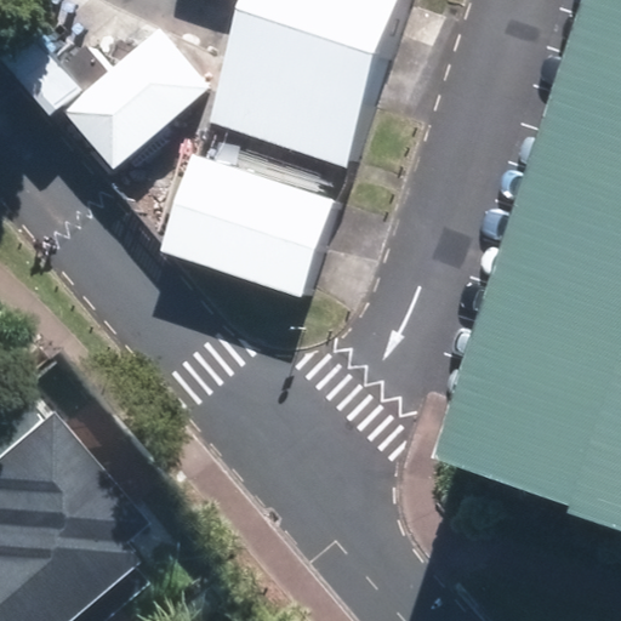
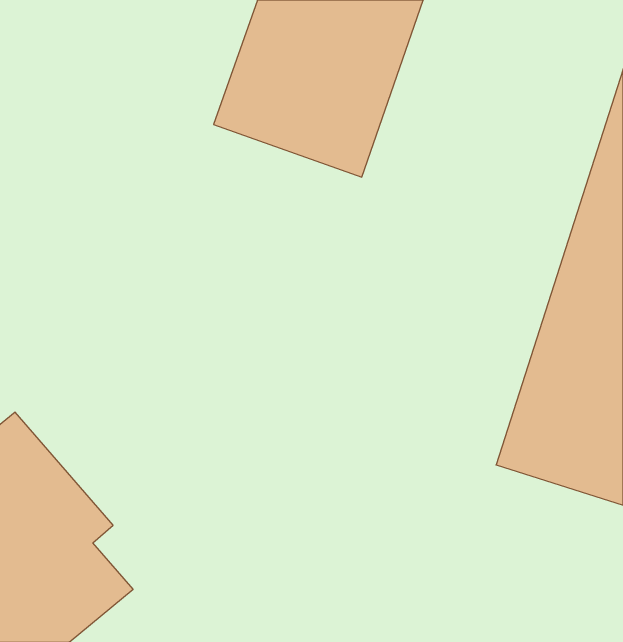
building: [58,21,205,159] -> none
building: [166,159,332,296] -> none

